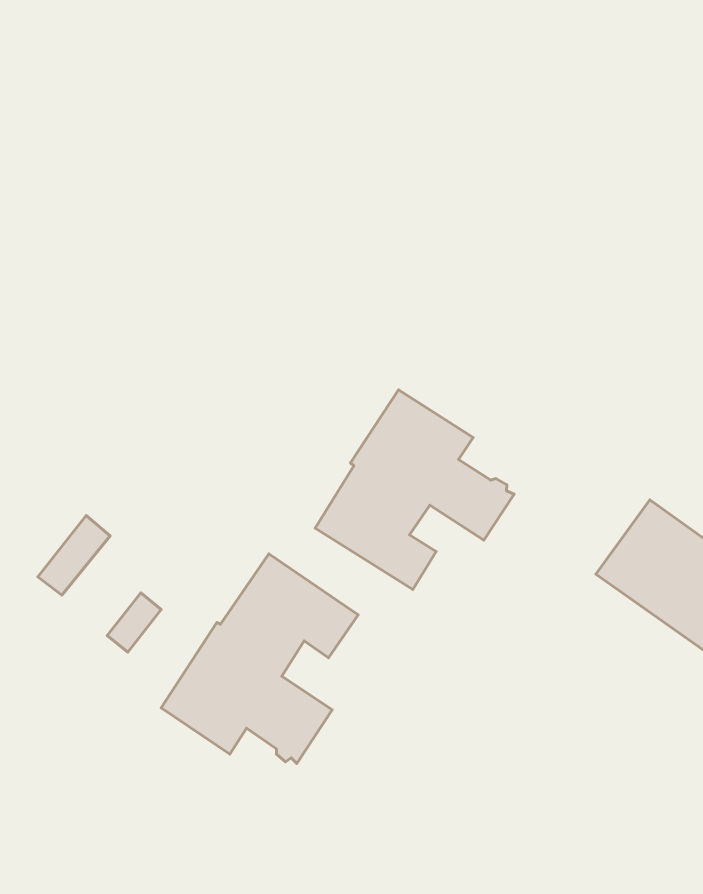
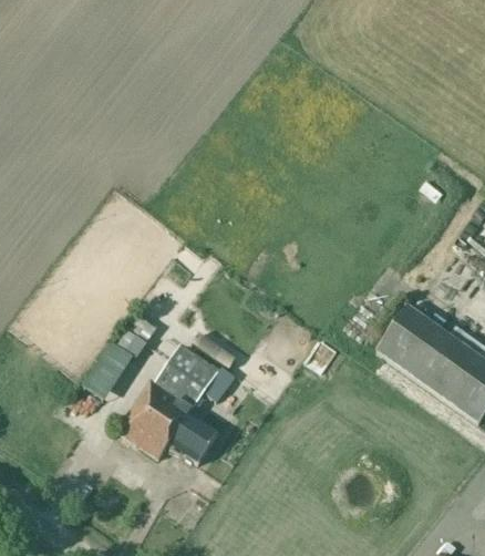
building: [315,390,514,590] -> none
building: [38,515,110,595] -> [113,317,156,364]

